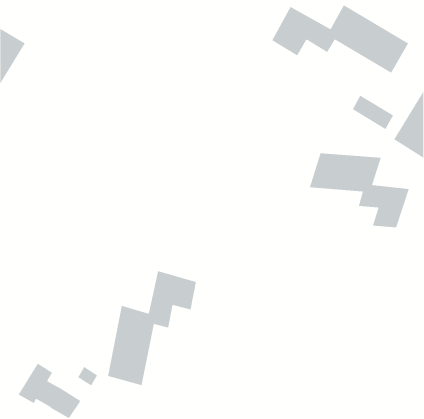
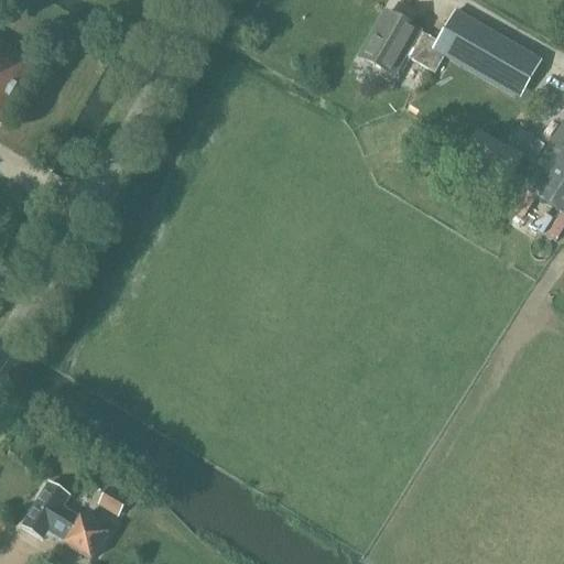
building: [309,153,410,228] -> none
building: [107,270,197,386] -> none

